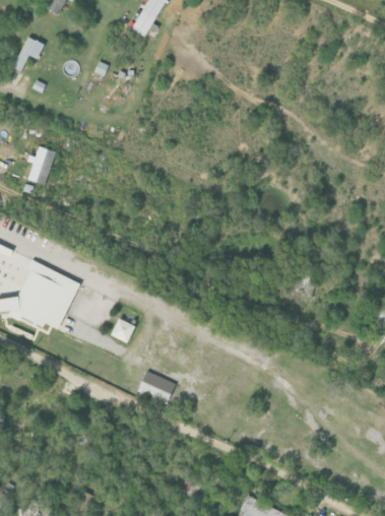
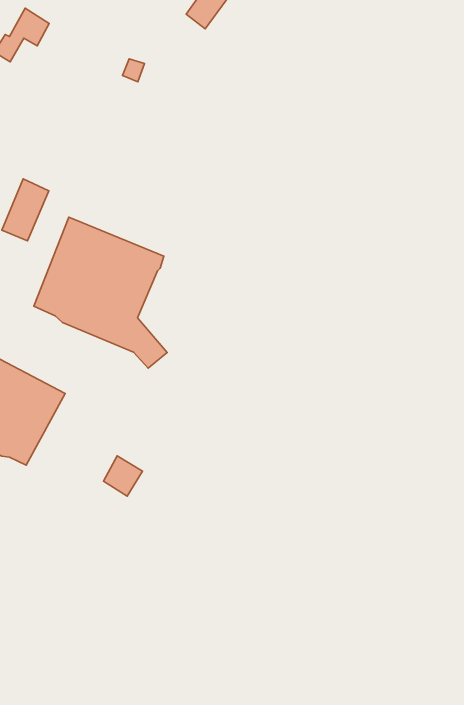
building: none -> [34,217,167,368]
building: [137,372,175,404] -> none

